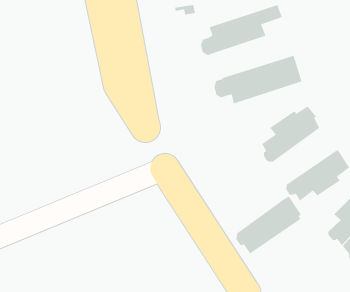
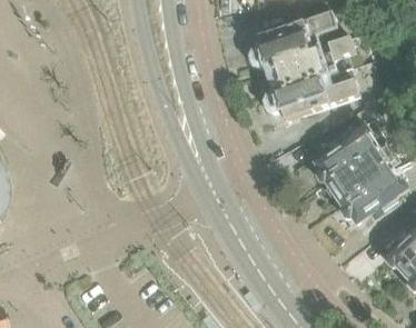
building: none -> [264,34,356,90]
building: [235,195,302,254] -> [326,141,397,205]

